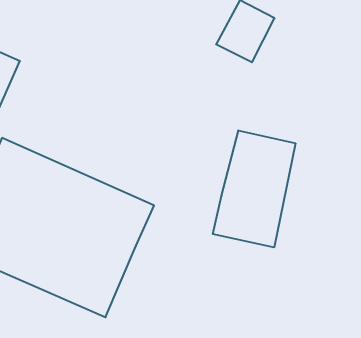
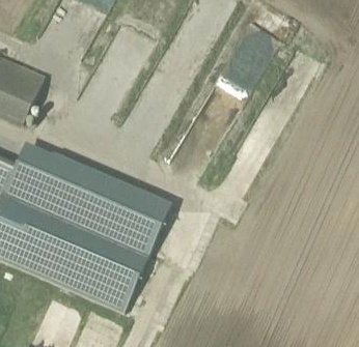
building: [213,130,295,247] -> none

